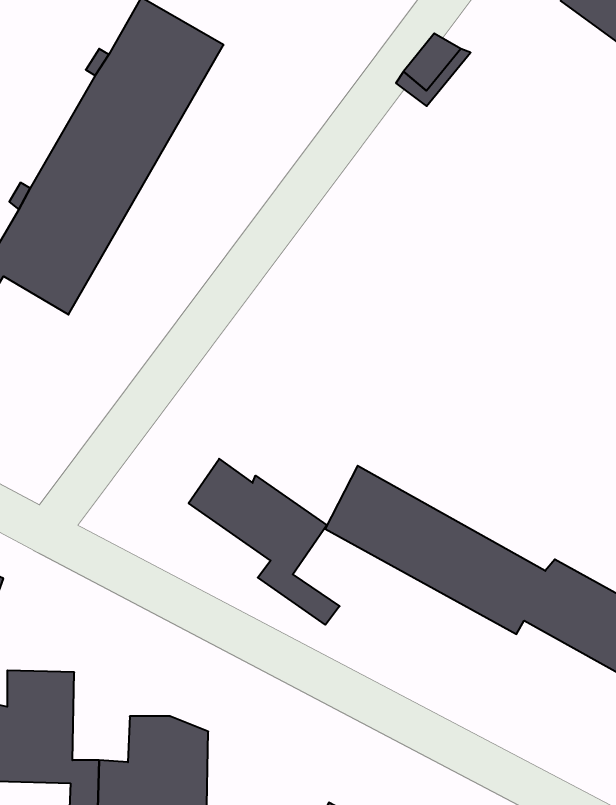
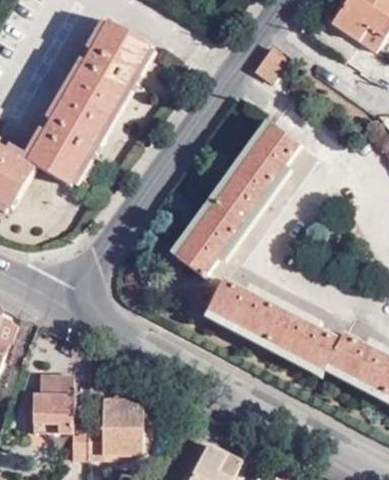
building: none -> [174,117,291,266]
building: [189,459,340,625] -> none

